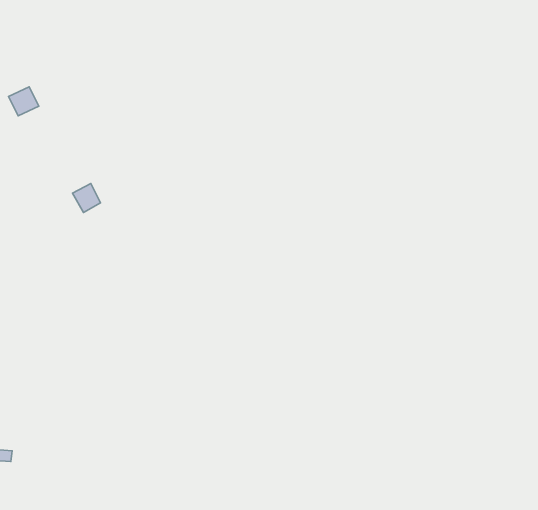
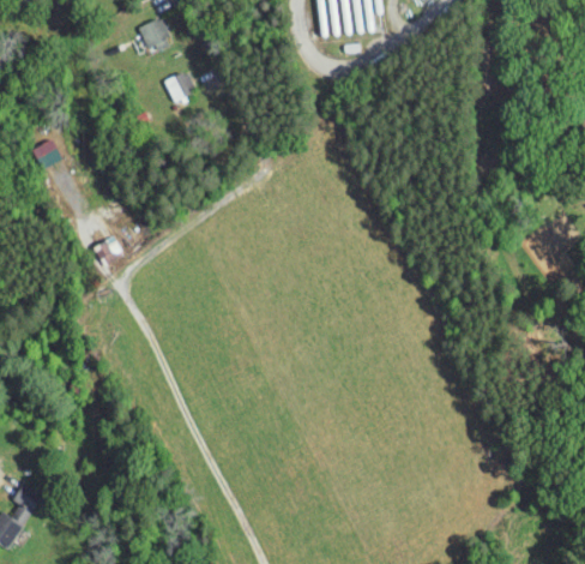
building: none -> [165,72,197,102]

